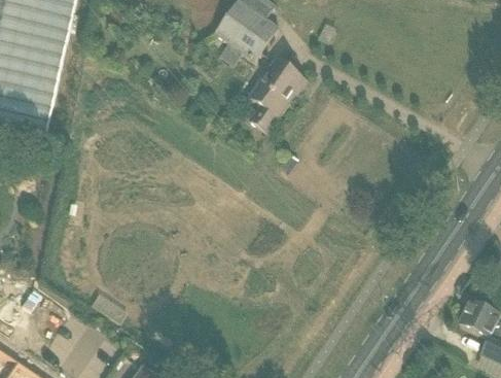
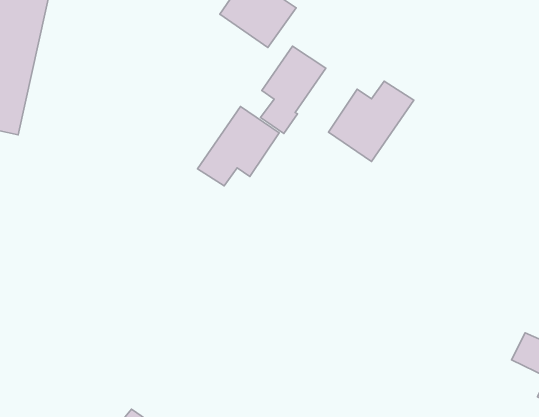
building: none -> [329,81,414,162]
building: none -> [197,106,279,186]

